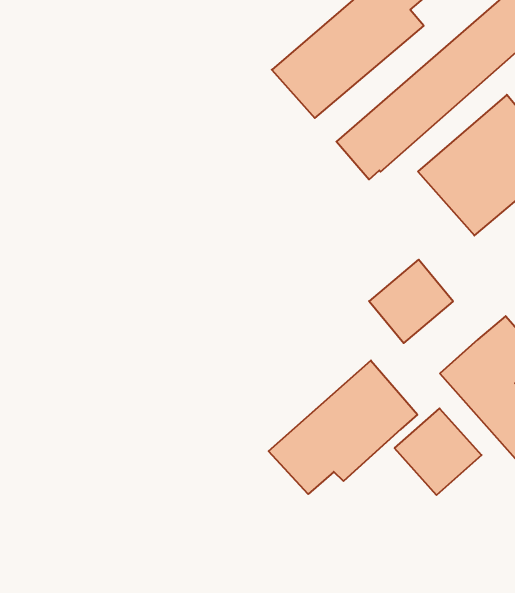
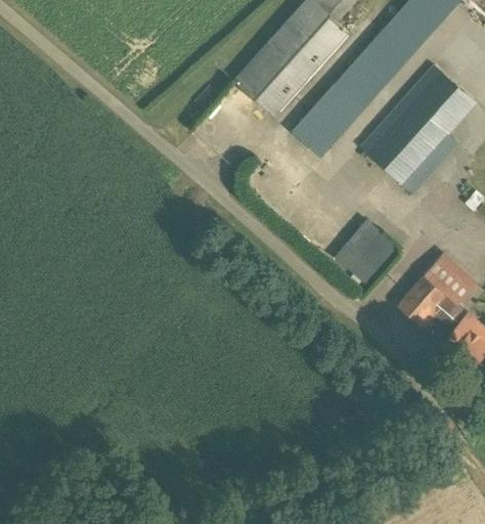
building: [269,360,417,494] -> none
building: [395,408,482,495] -> none

